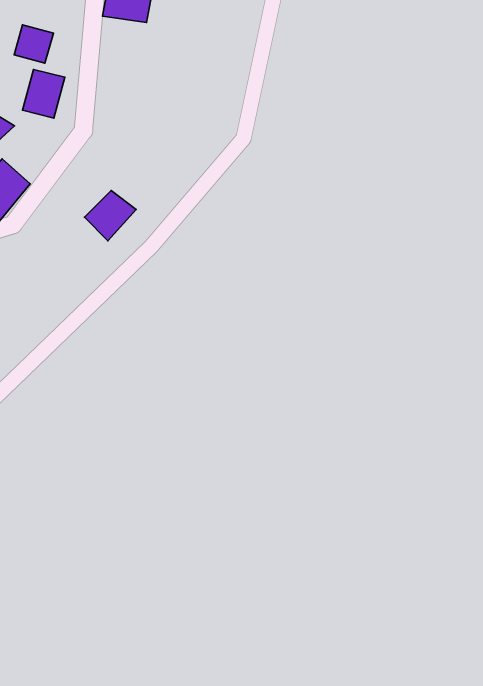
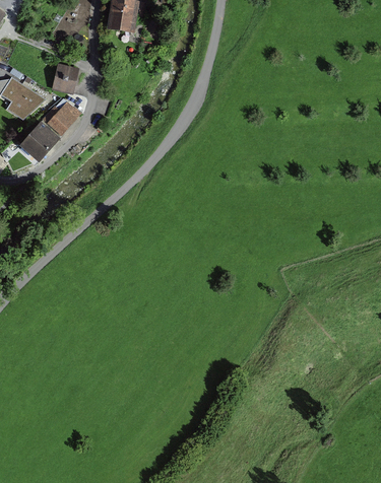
building: [14,25,53,63] -> none
building: [84,191,136,241] -> [47,104,80,136]

